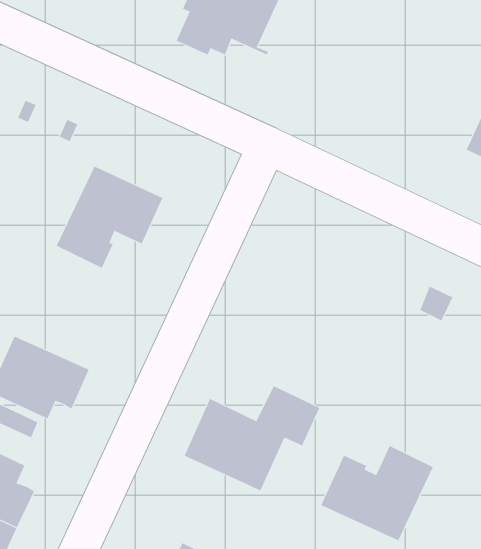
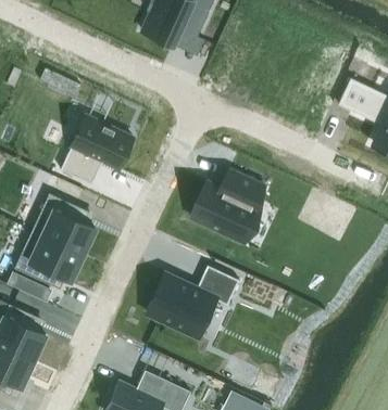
building: none -> [191,171,266,244]
building: none -> [33,194,96,254]
building: [321,445,434,541] -> none

